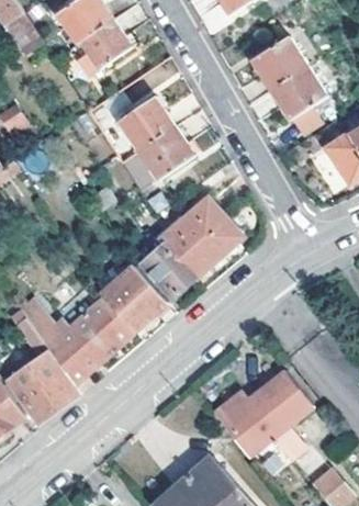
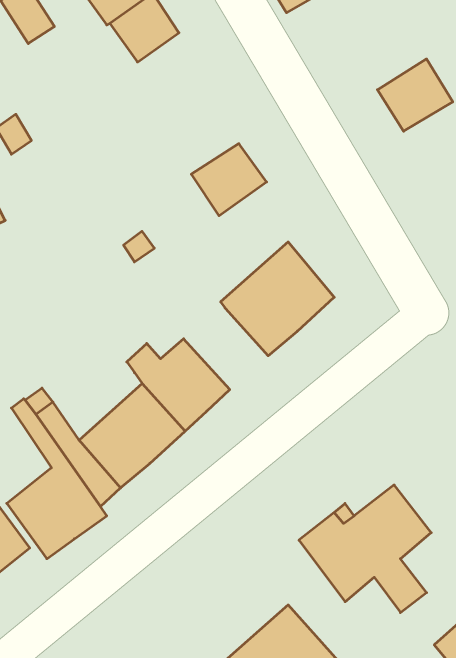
building: [253,36,306,88] -> none
building: [120,98,172,148] -> none
building: [142,244,193,297] -> none

